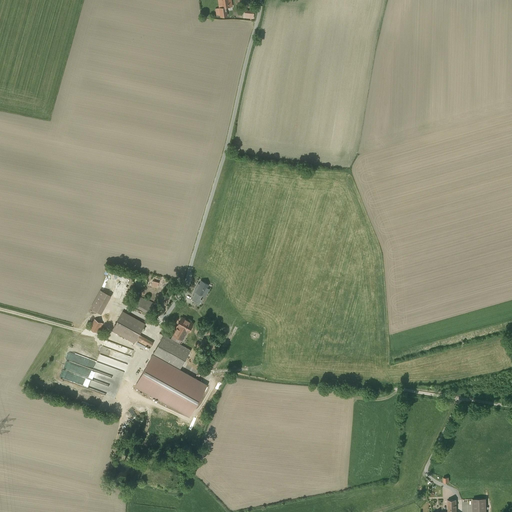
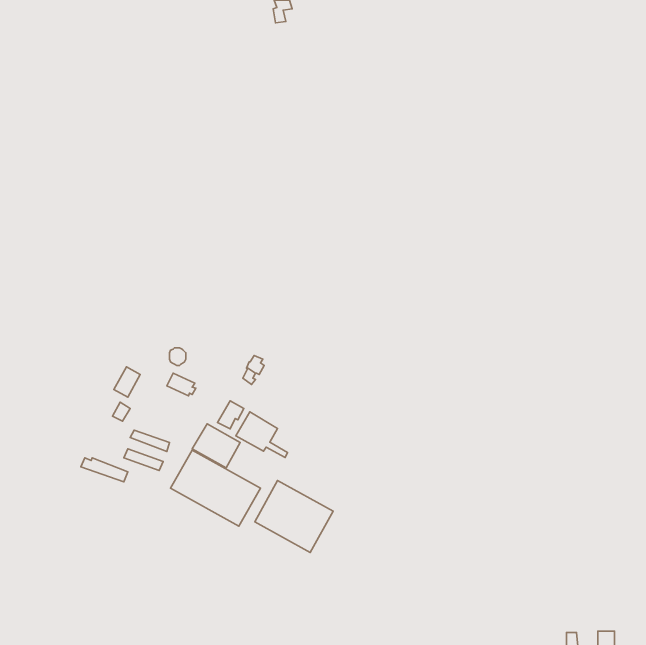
building: [112,312,153,348] -> [236,412,288,457]
building: none -> [255,480,333,553]

